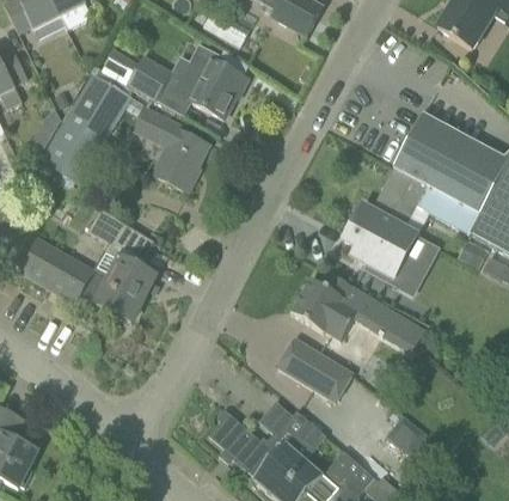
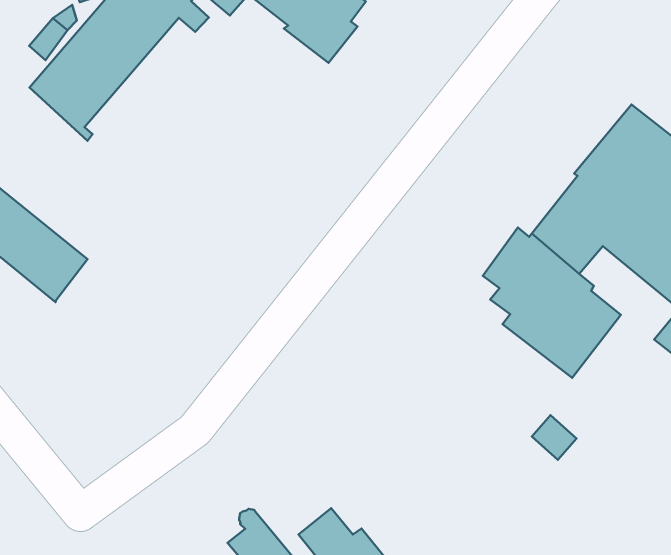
building: [137,106,209,191] -> none
building: [78,209,158,322] -> none
building: [290,274,384,340] -> none
building: [278,337,351,399] -> none

